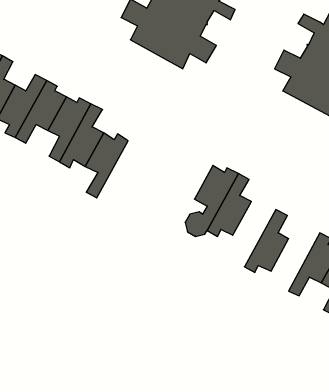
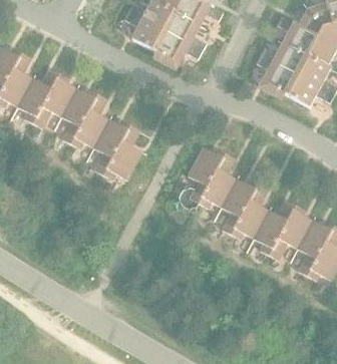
building: none -> [102,125,141,179]
building: none -> [220,177,257,234]
building: none -> [253,200,295,255]

